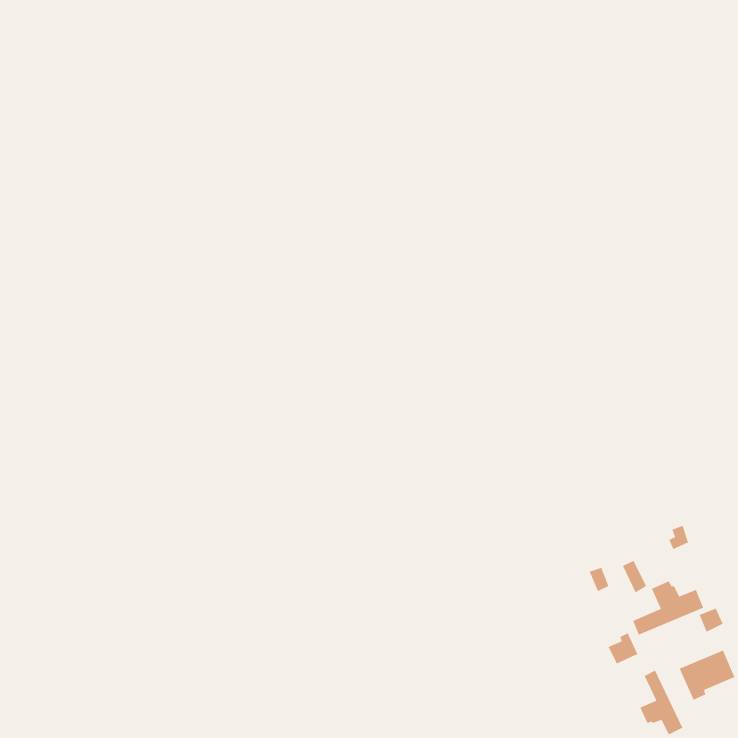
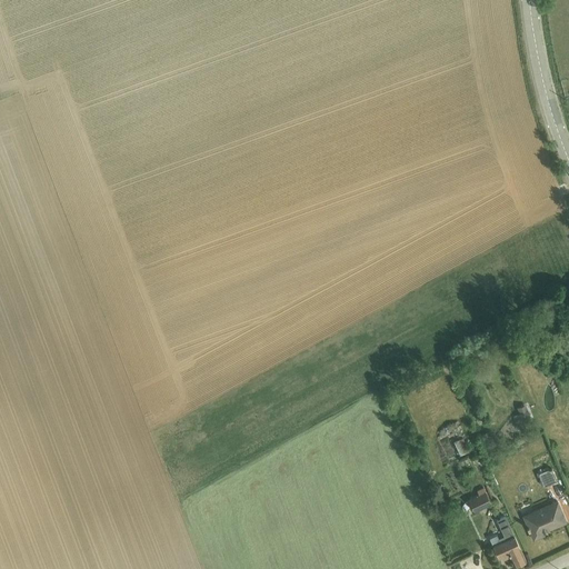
building: [632,581,704,636] -> none

